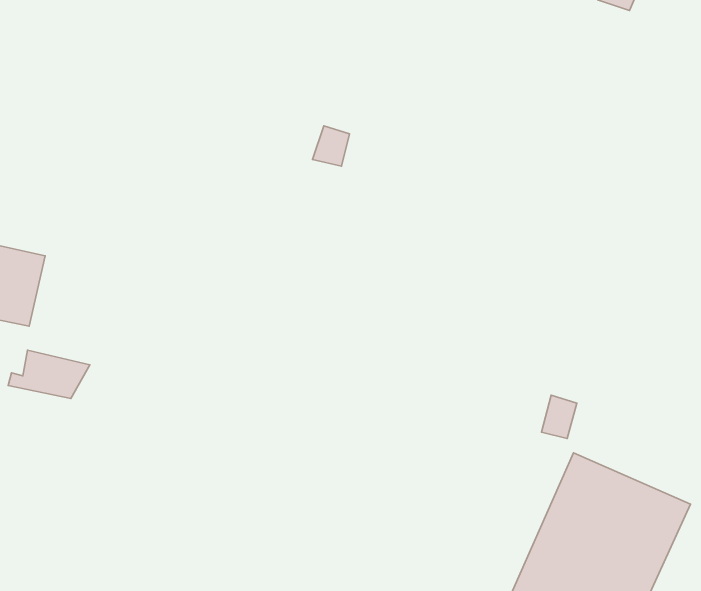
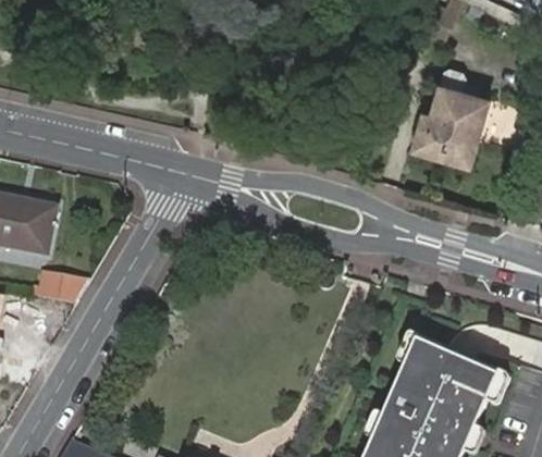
building: none -> [412,66,491,165]

